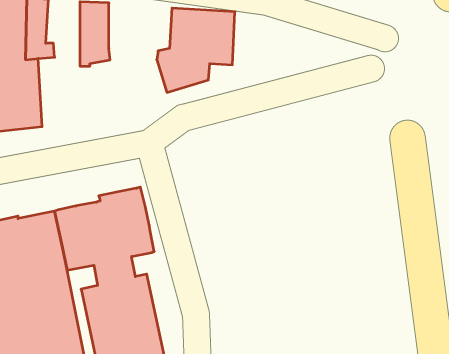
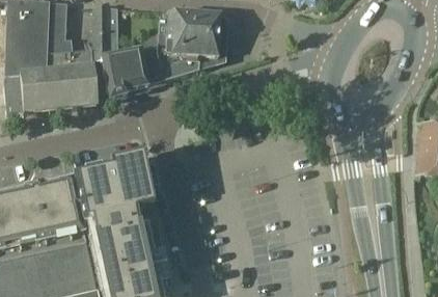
building: none -> [101,45,164,98]
building: none -> [58,48,95,107]

